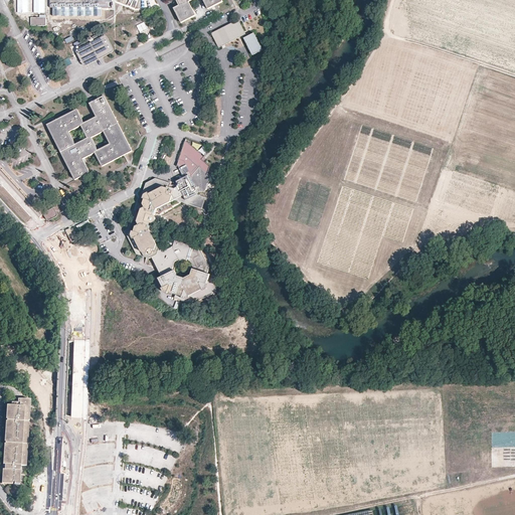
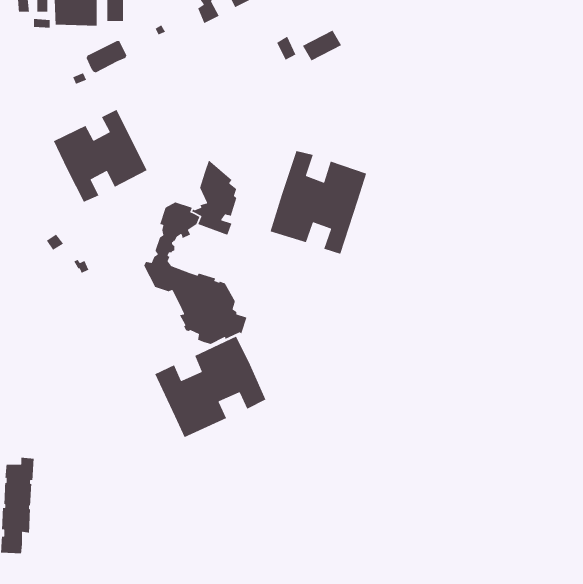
building: [209,18,244,46] -> [302,29,342,61]
building: none -> [270,150,367,255]
building: none -> [154,335,266,438]

